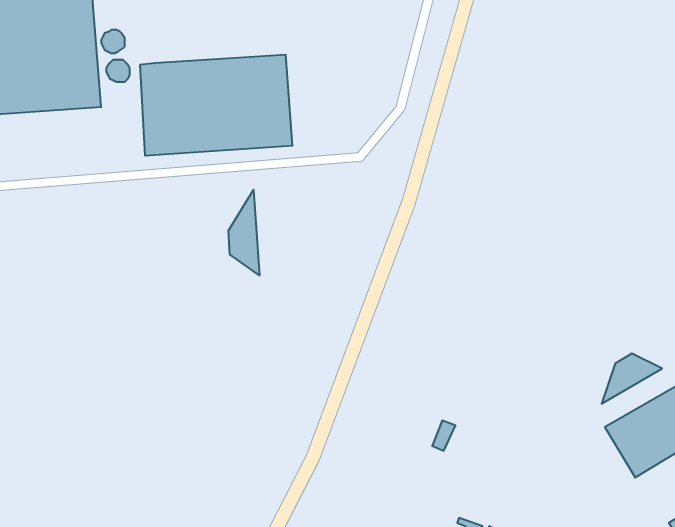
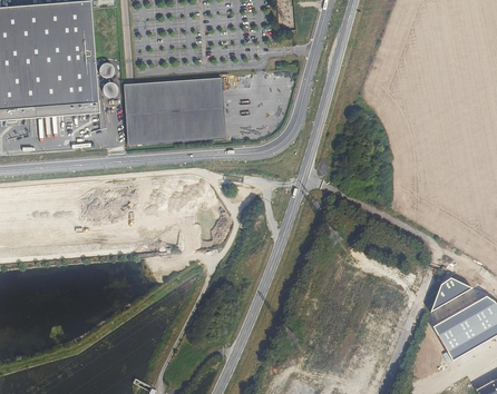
building: [229,190,260,275] -> none

